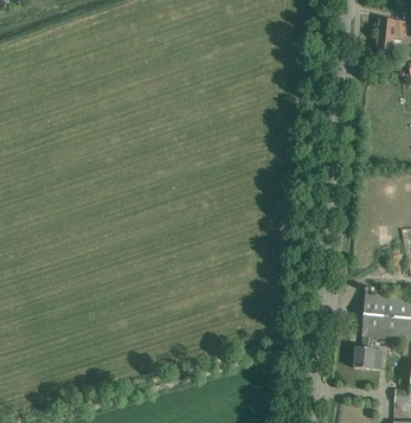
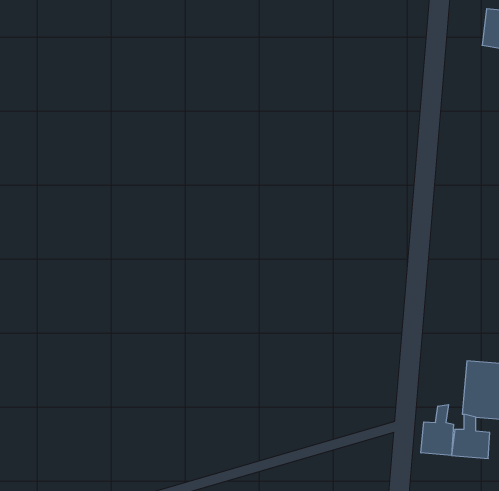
building: none -> [421,405,453,455]

